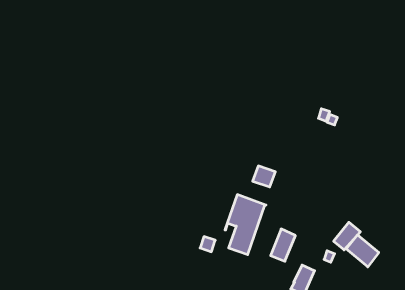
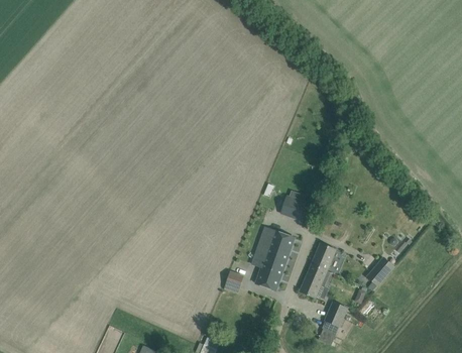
building: none -> [312,243,336,270]
building: [346,235,379,267] -> none

